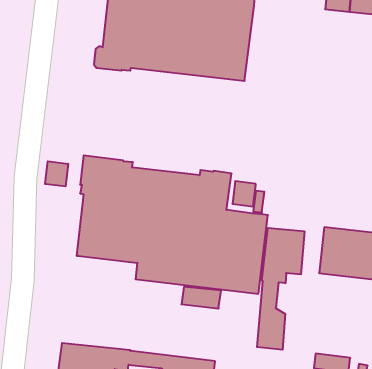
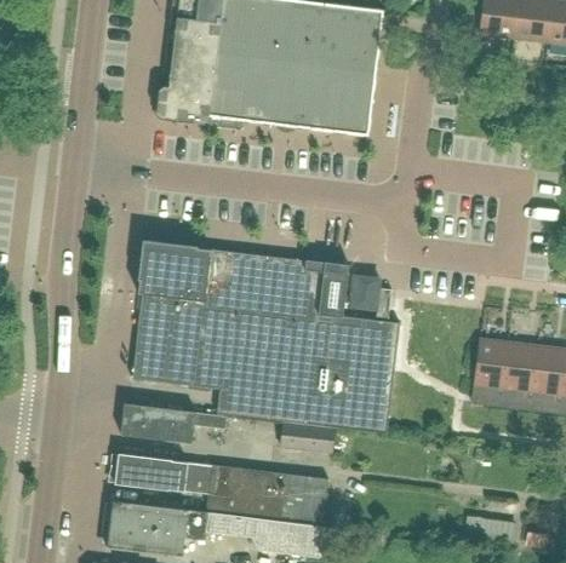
building: [45,161,68,186] -> none
building: [257,228,304,350] -> none
building: none -> [121,404,225,443]
building: none -> [115,453,328,522]

